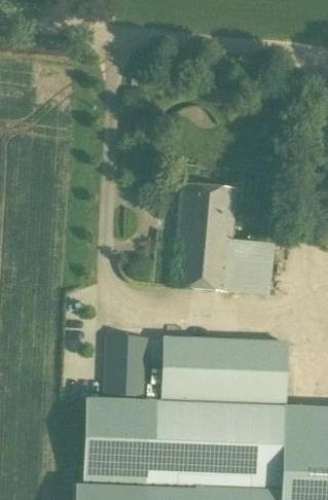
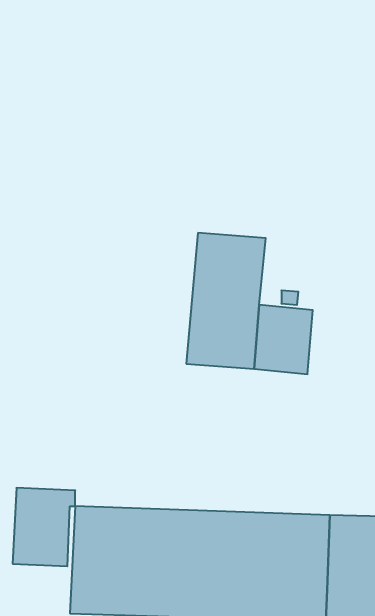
building: [105,336,154,398] -> [13,488,75,566]
building: [163,340,289,404] -> none

